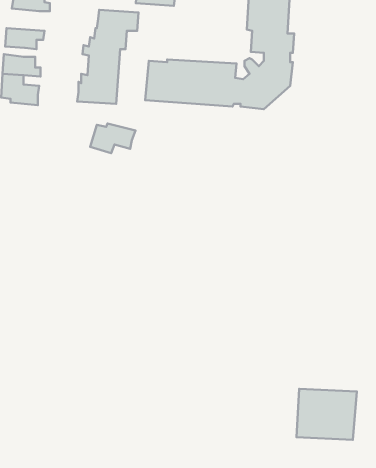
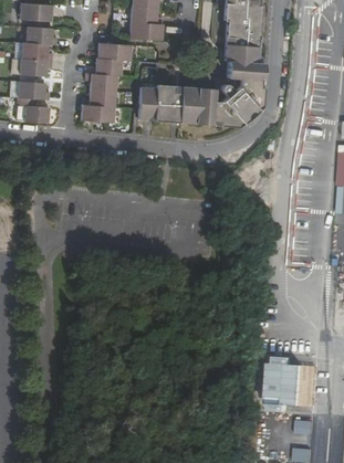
building: none -> [20,42,52,61]
building: [90,123,135,153] -> none

